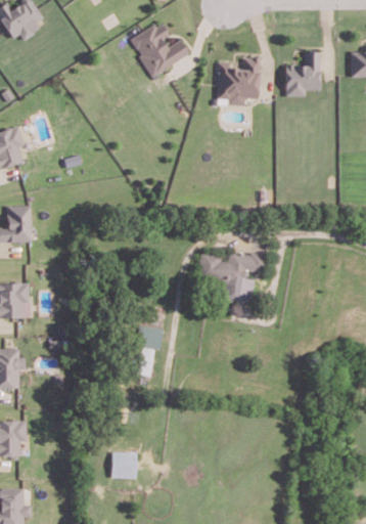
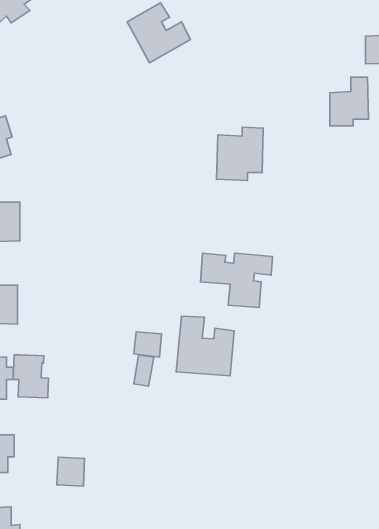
building: [285,51,321,96] -> [330,77,369,126]
building: [217,56,260,105] -> [217,127,263,180]
building: none -> [176,316,234,376]
building: none -> [13,355,49,398]
building: [111,451,137,478] -> [57,457,85,486]

